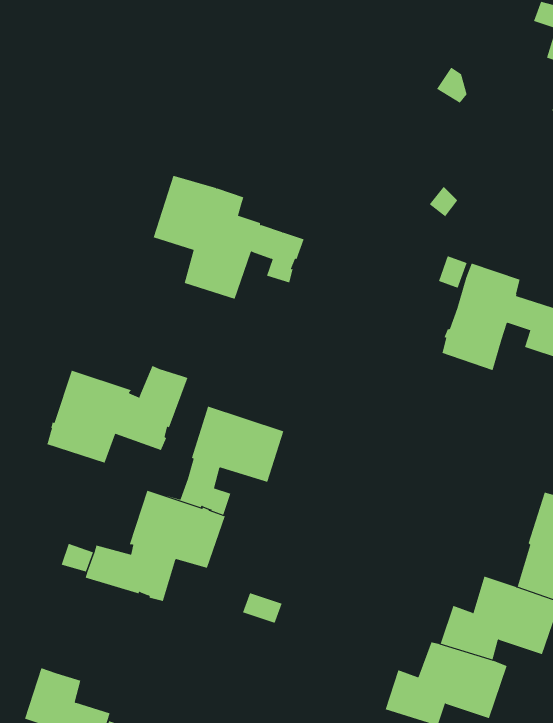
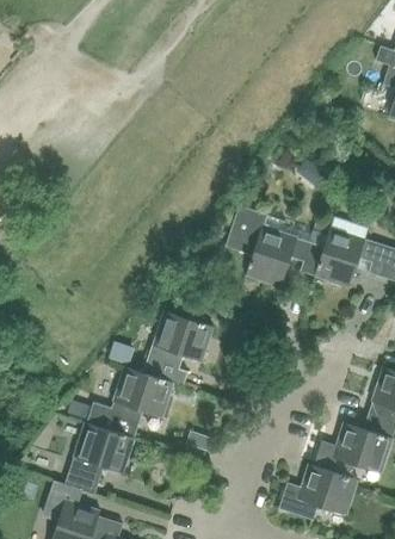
building: [153,175,305,300] -> [226,205,325,286]
building: [46,365,188,464] -> none
building: none -> [54,422,135,494]

